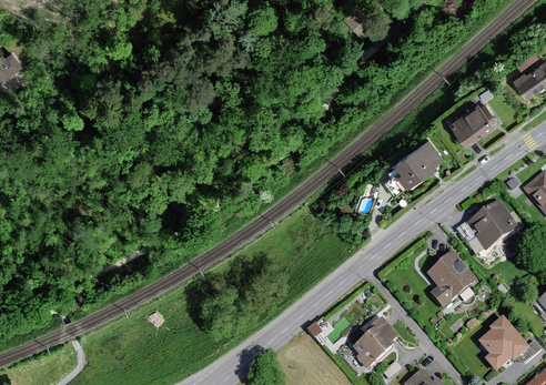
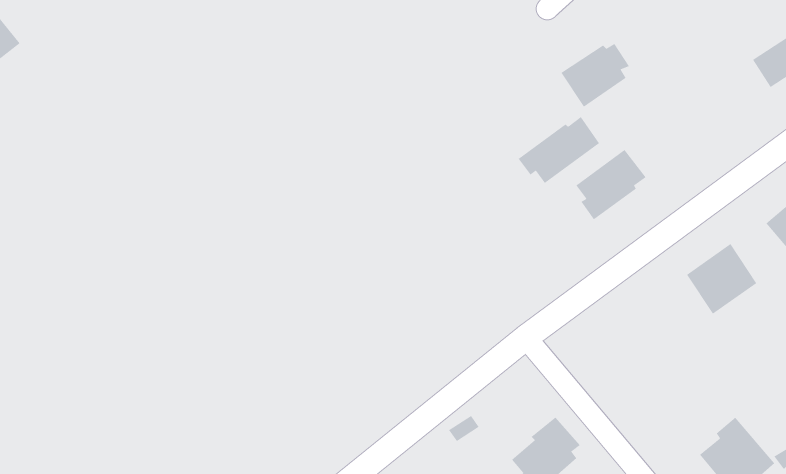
building: [449,101,496,144] -> [560,43,630,108]
building: none -> [518,116,600,184]
building: [426,252,476,308] -> none

